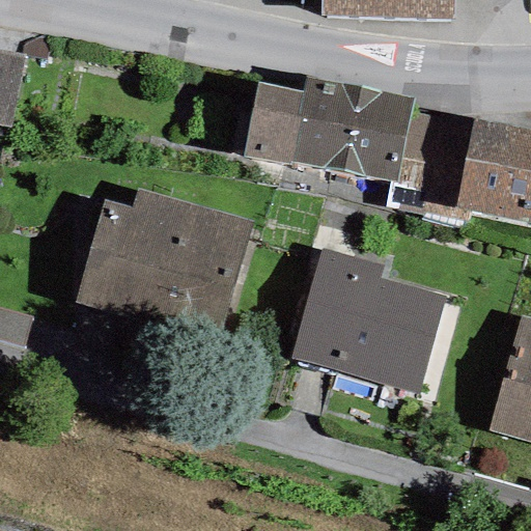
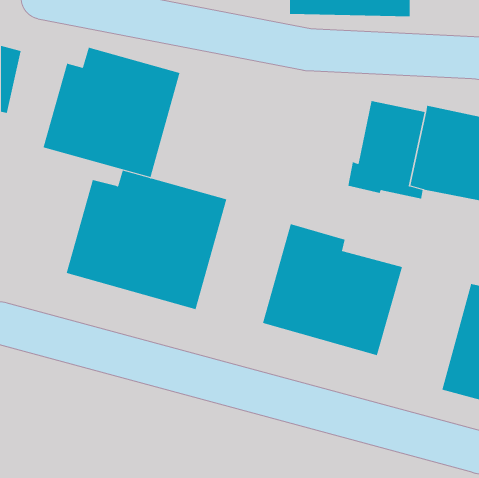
building: none -> [43,47,180,178]
building: [243,75,414,180] -> none

